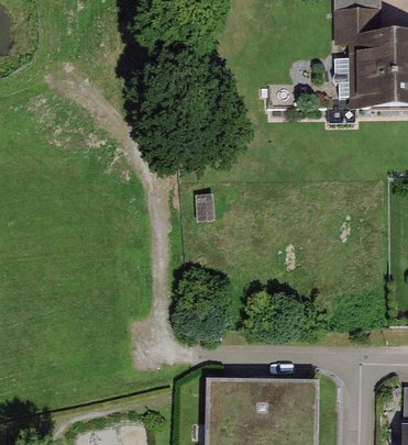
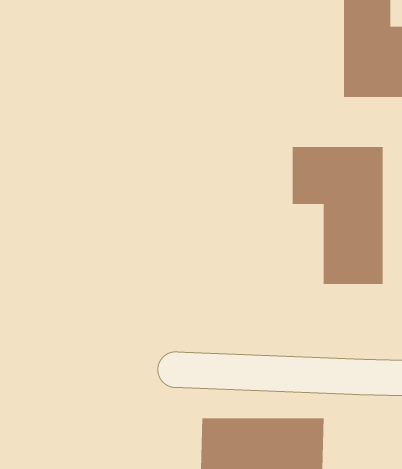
building: none -> [292,146,383,285]

